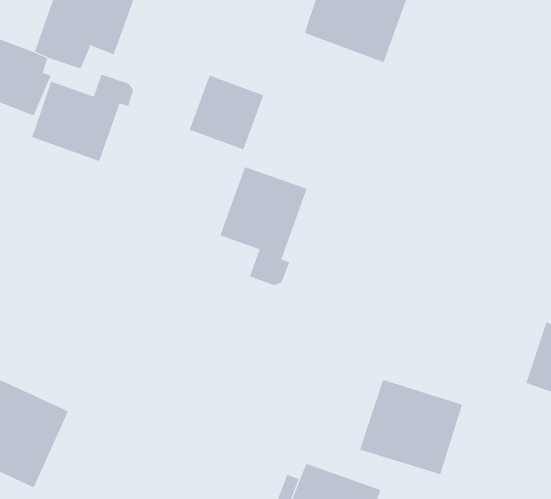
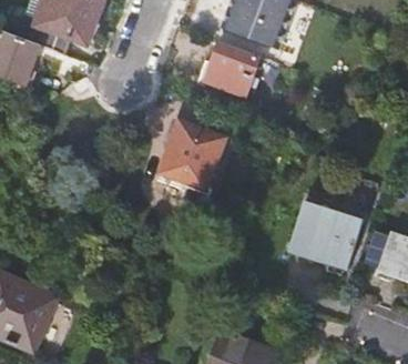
building: [31,74,134,162] -> none
building: [189,75,264,150] -> [205,41,258,94]
building: [359,379,463,475] -> [289,201,363,269]

